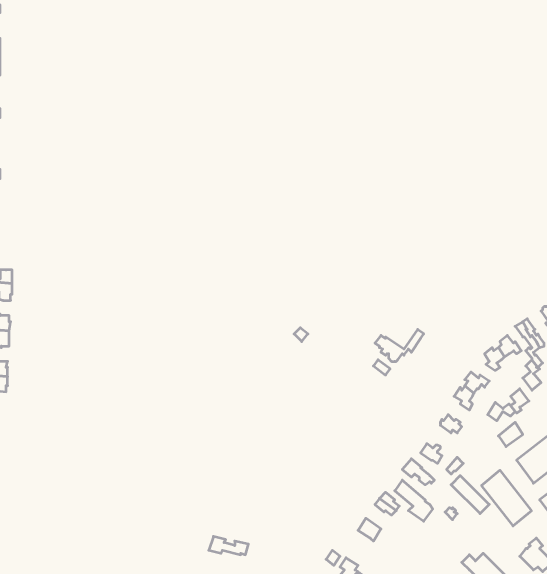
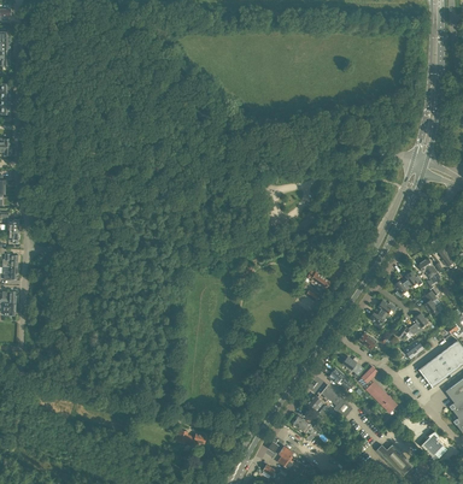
building: [482,470,531,526] -> none

